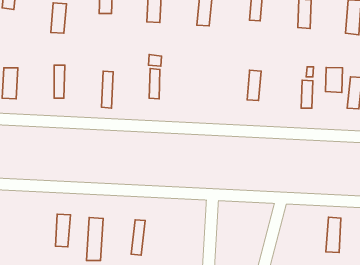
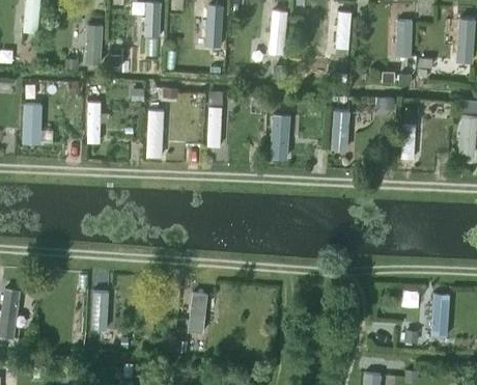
building: [326,67,342,93] -> none
building: none -> [271,115,290,161]
building: [87,218,103,261] -> none

